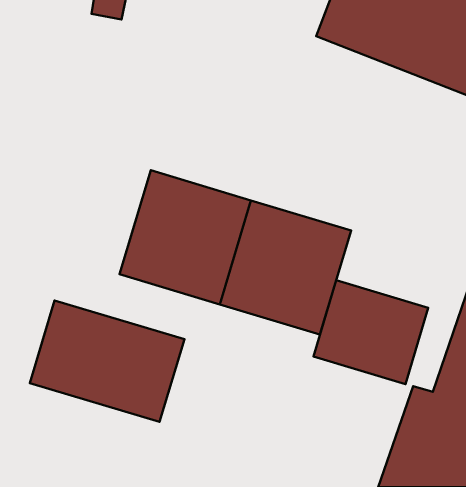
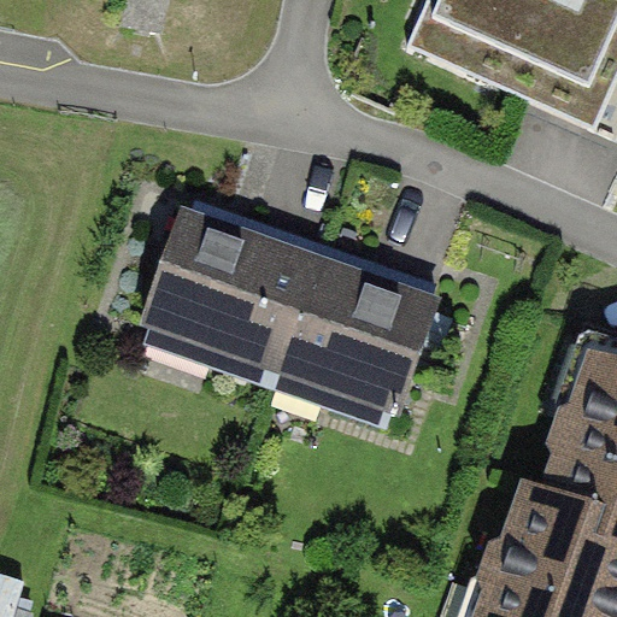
building: [314,280,428,384] -> none
building: [30,301,184,422] -> none

